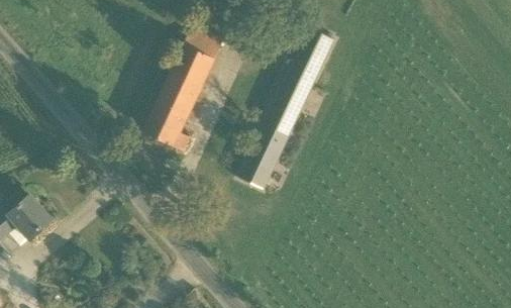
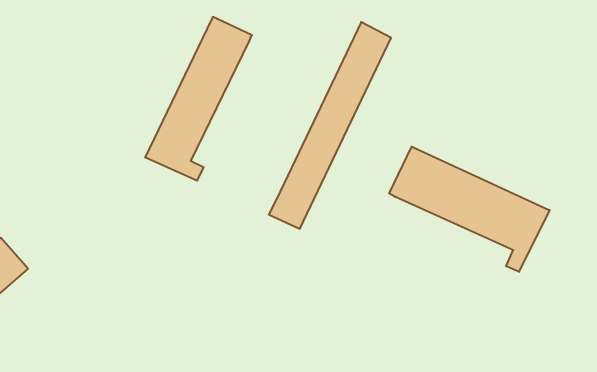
building: none -> [389,147,550,272]

